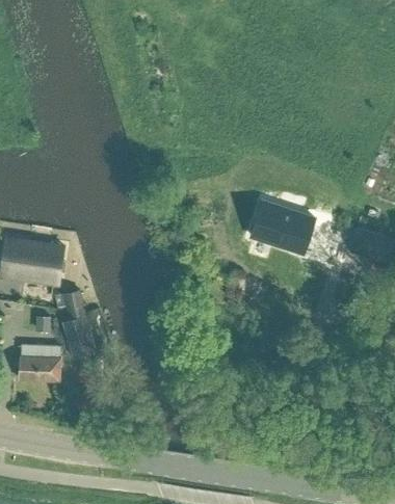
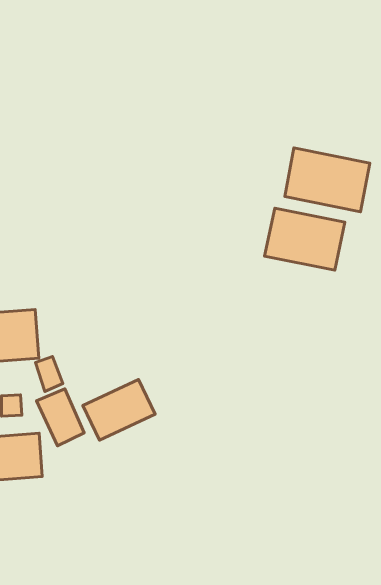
building: none -> [285,148,370,212]
building: none -> [83,380,155,440]

